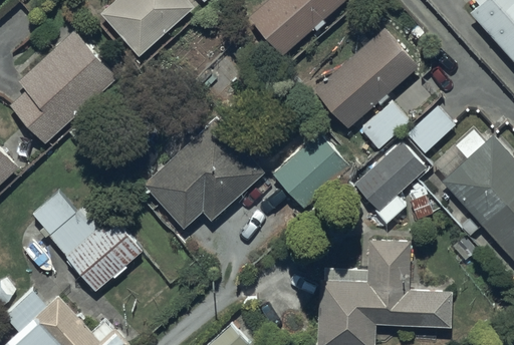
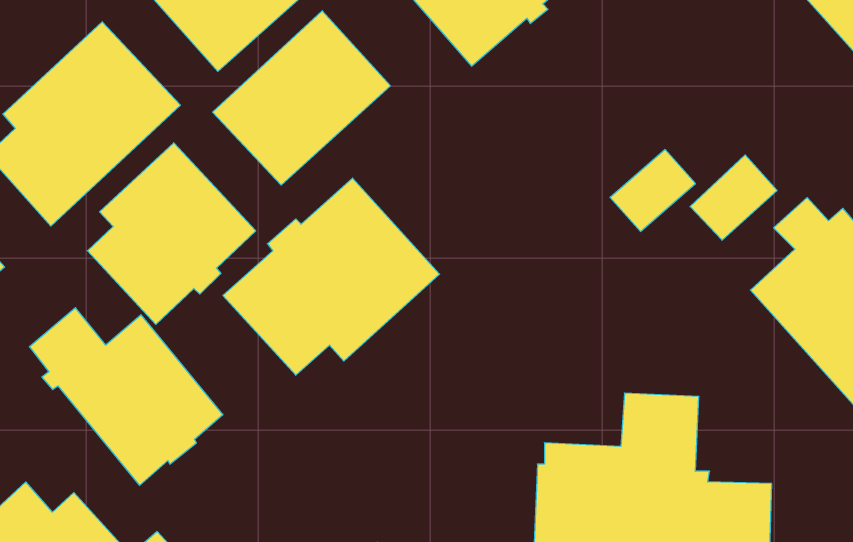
building: none -> [213,11,390,185]
building: [313,27,419,128] -> none
building: none -> [87,143,256,324]
building: [273,133,350,209] -> none
building: [351,140,428,225] -> none

